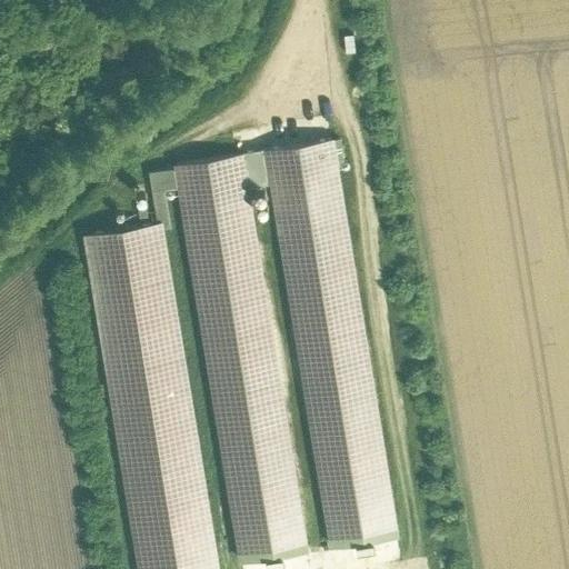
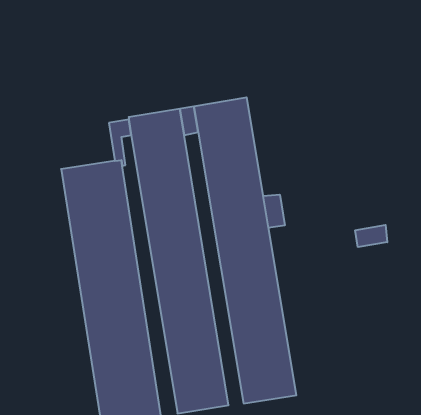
building: none -> [263,195,285,228]
building: none -> [355,225,387,247]

